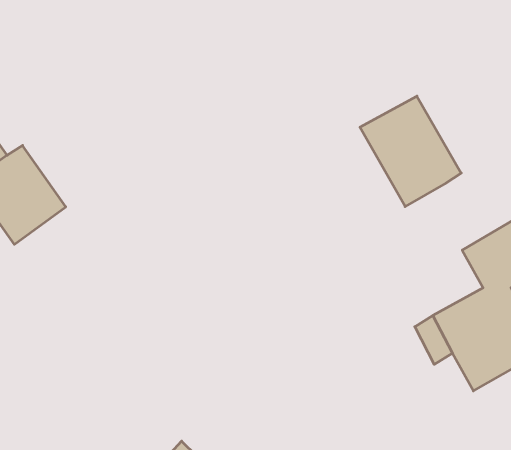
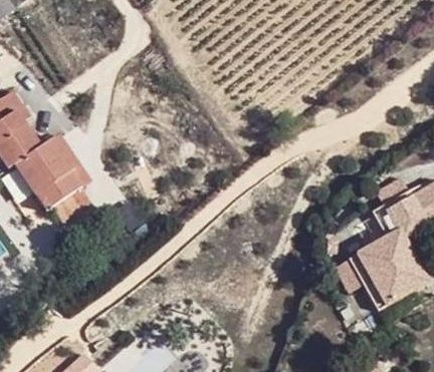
building: [360,96,461,207] -> none

